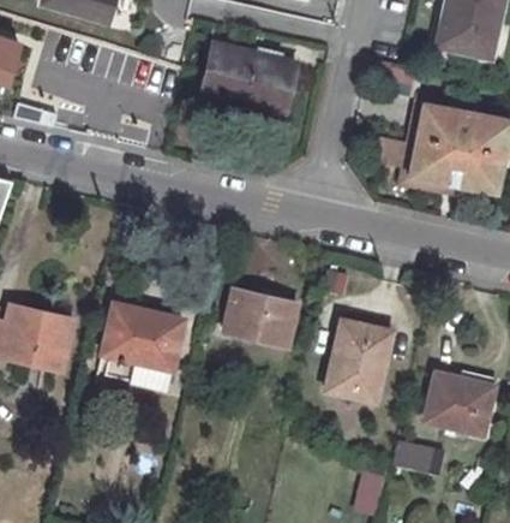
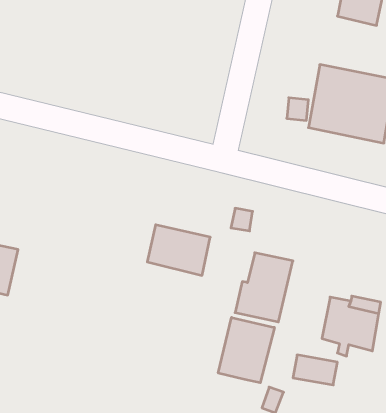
building: [200,42,296,113] -> none
building: [102,304,184,390] -> none
building: none -> [218,317,274,383]

